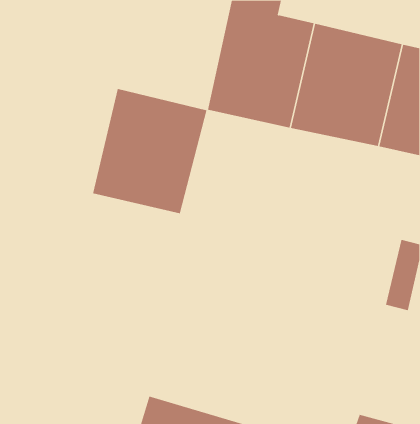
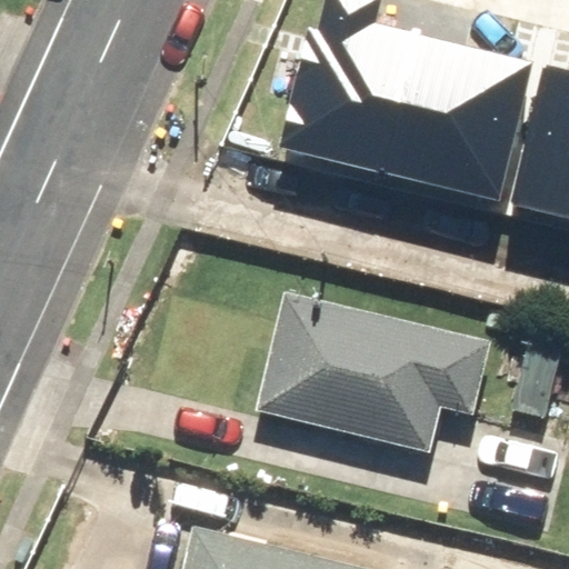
building: [92,88,207,214] -> none
building: none -> [259,293,495,455]

